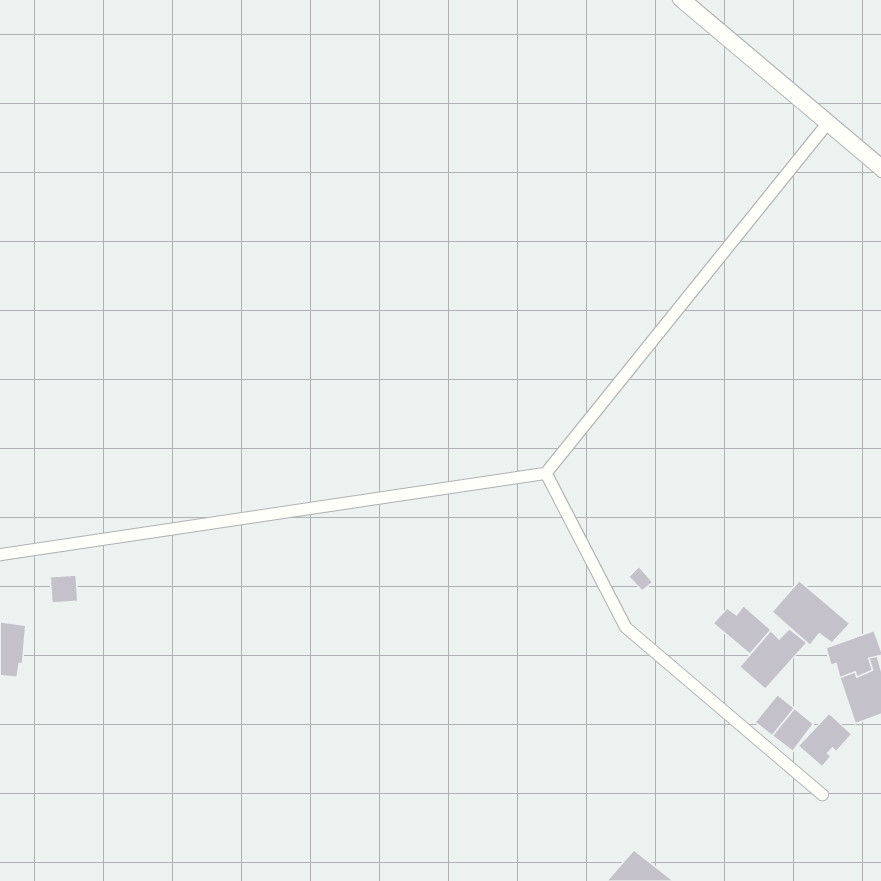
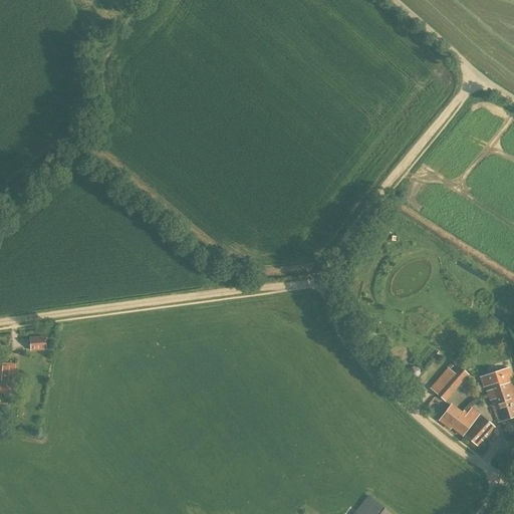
building: [772,581,850,645] -> none
building: [713,606,771,654] -> none

